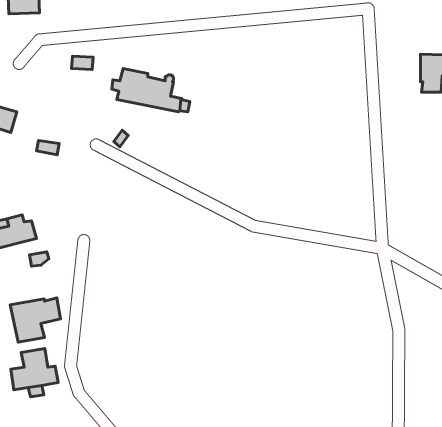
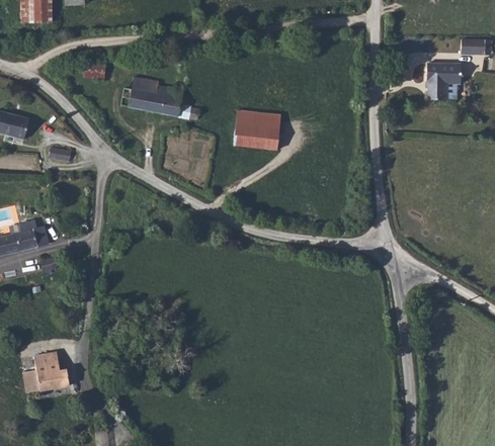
building: none -> [234,110,280,150]
building: [10,298,61,342] -> none

